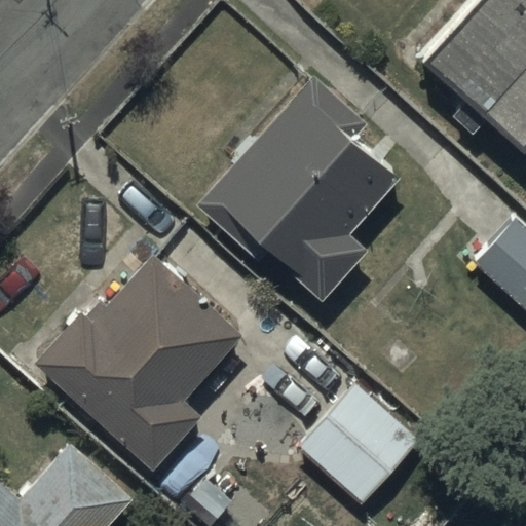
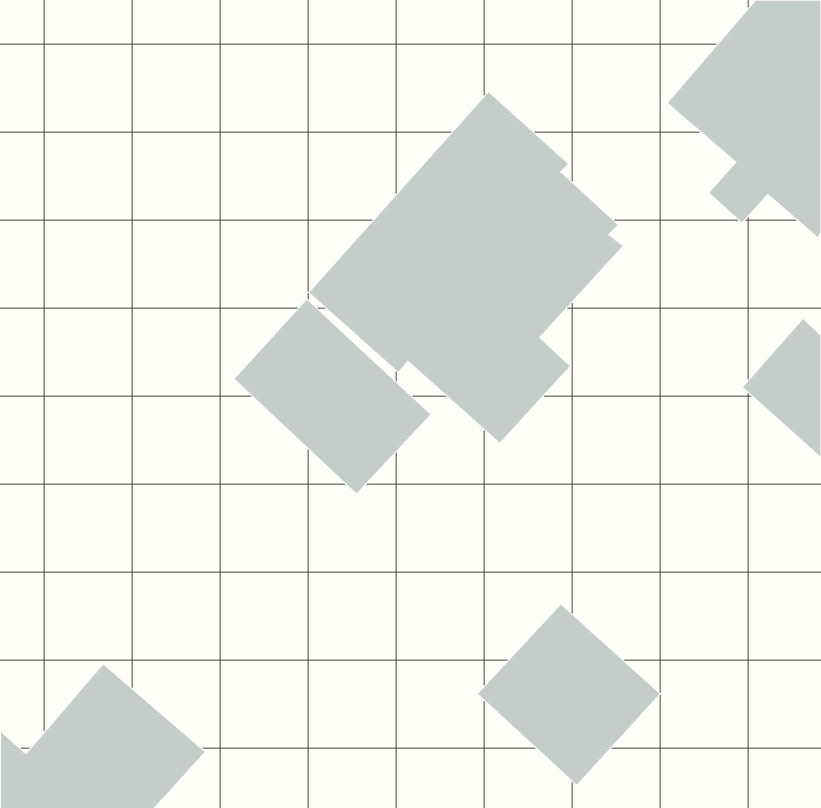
building: none -> [234,299,431,494]
building: [43,262,242,475] -> none

